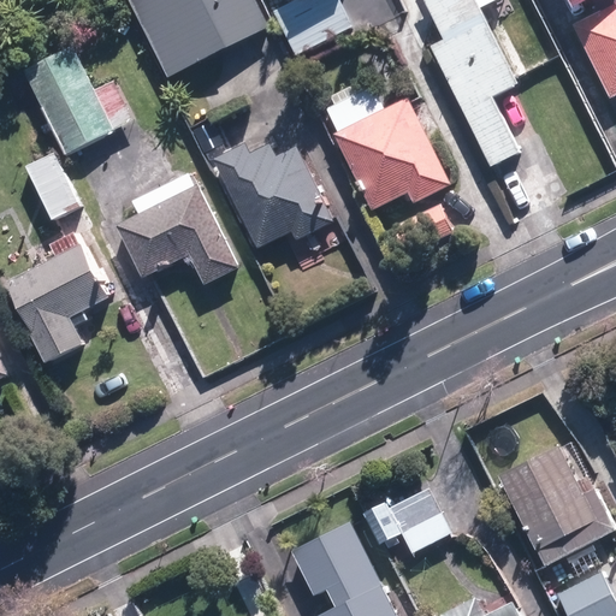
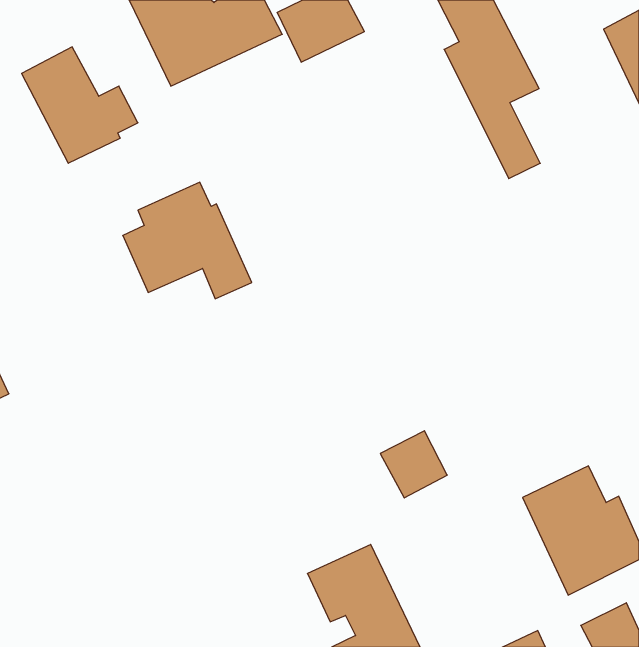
building: [322,84,452,208] -> none
building: [214,142,334,249] -> none
building: [25,152,83,224] -> none
building: [10,232,112,362] -> none
building: [387,486,451,550] -> [380,431,447,498]

